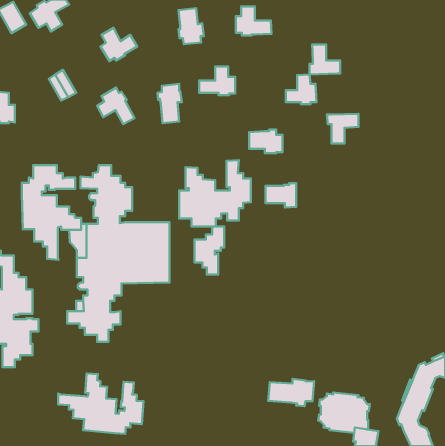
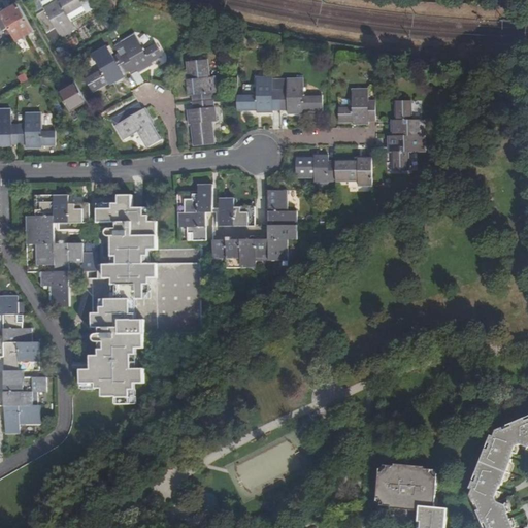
building: [236,7,272,35] -> [277,79,320,113]
building: [179,8,204,44] -> [185,59,214,101]
building: none -> [85,46,128,91]
building: [309,45,340,74] -> [390,100,426,135]
building: none -> [18,112,54,147]
building: [266,183,296,208] -> [333,156,369,185]
building: [195,226,224,275] -> [177,184,212,240]
building: [58,373,144,434] -> none
building: [268,379,314,406] -> none

